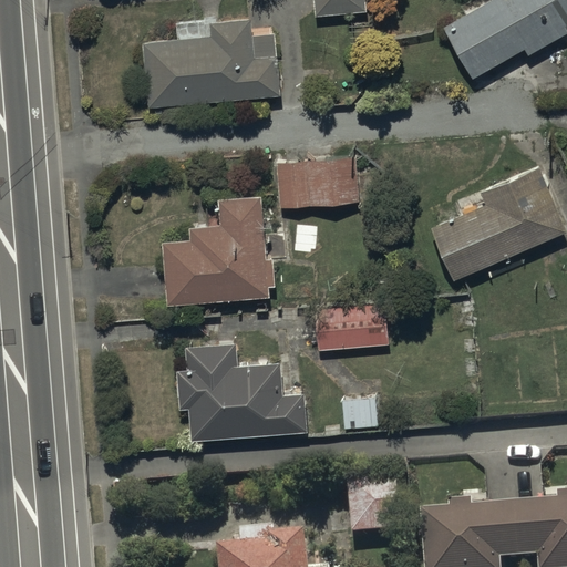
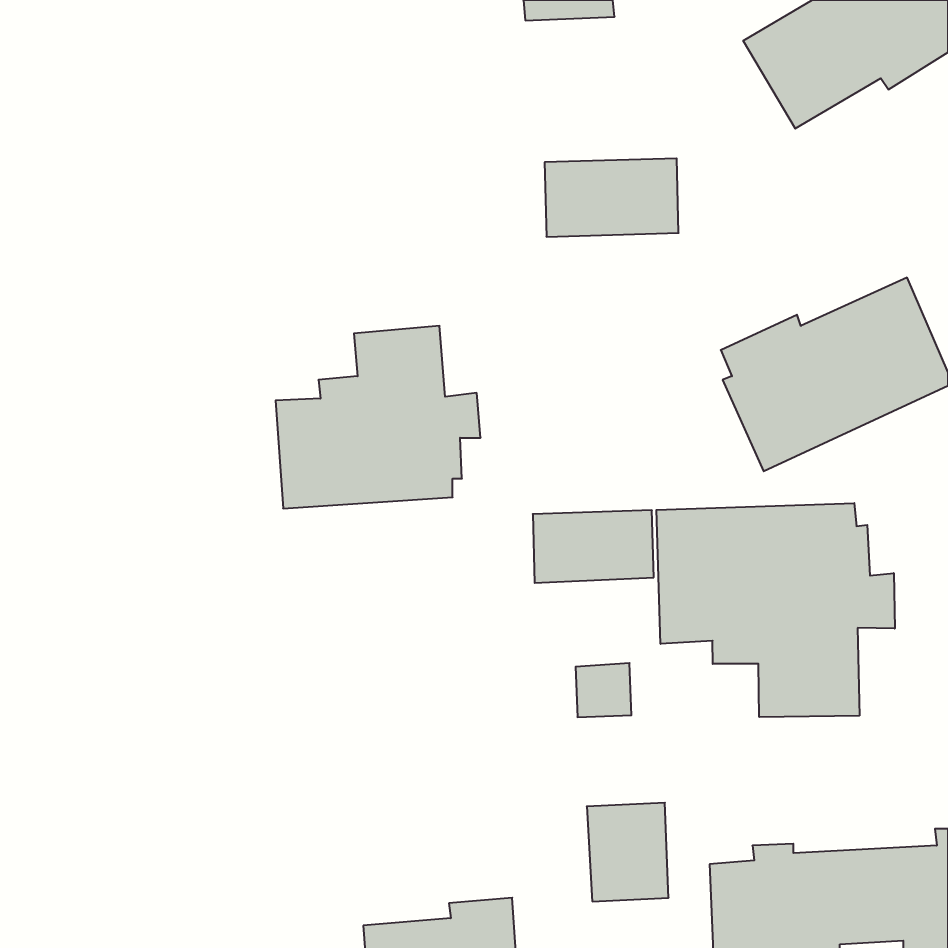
building: [143,19,279,107] -> none
building: [277,161,357,207] -> [545,158,679,237]
building: none -> [656,503,895,717]
building: [177,343,308,440] -> none

